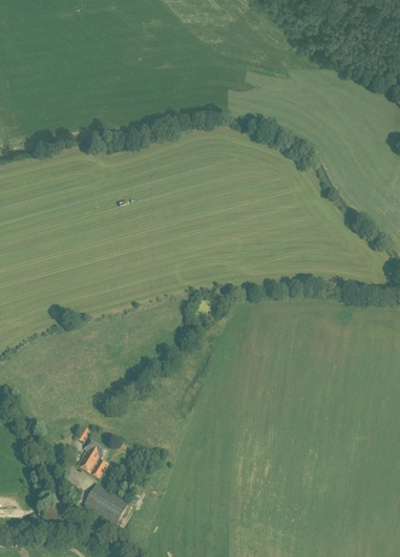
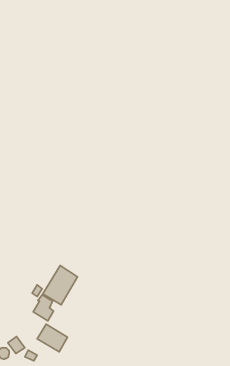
building: none -> [43,266,78,305]

